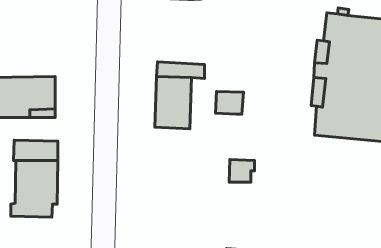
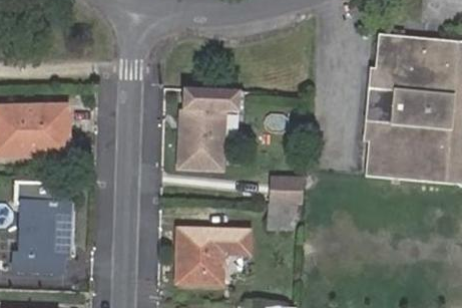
building: [215,91,243,114] -> [272,177,304,203]
building: none -> [179,228,248,281]

